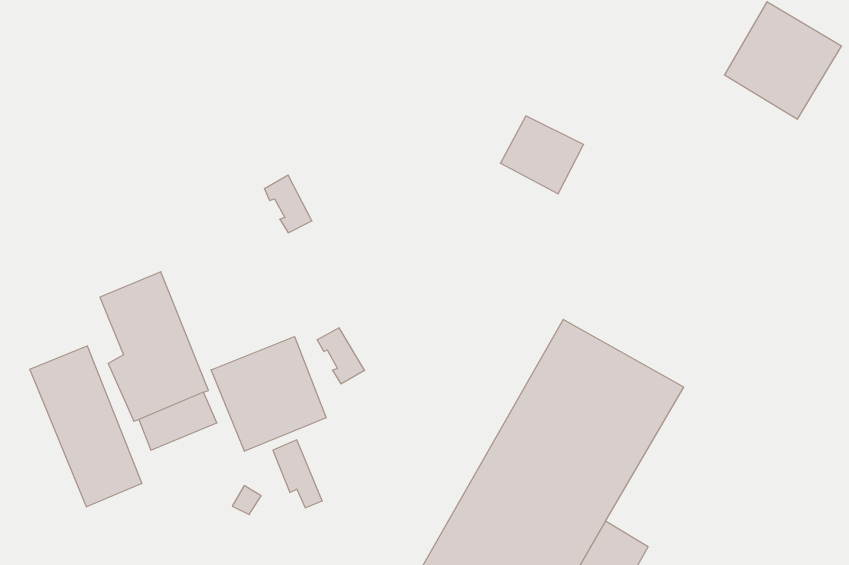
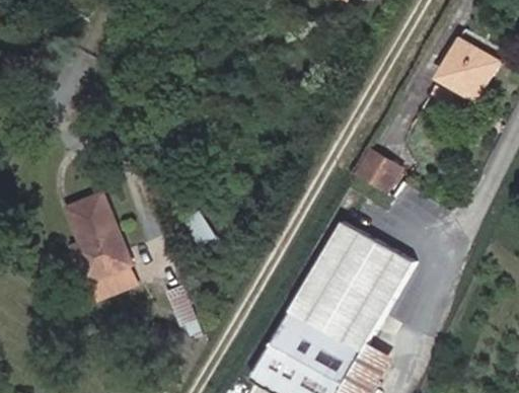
building: [500,116,584,194] -> [356,144,405,190]
building: [211,337,326,451] -> none
building: [30,346,142,507] -> none

